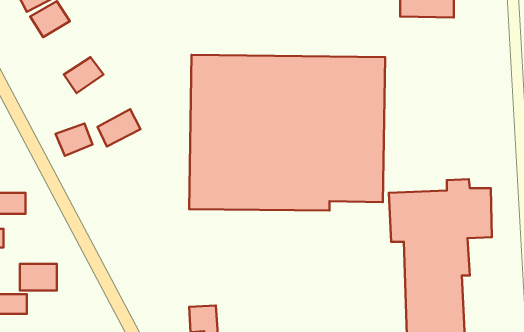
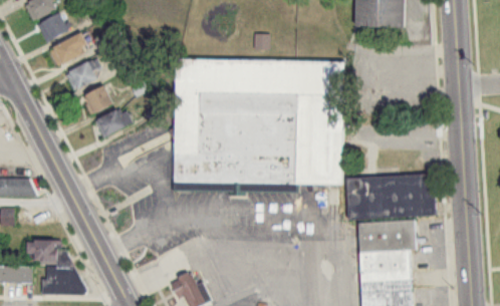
building: none -> [48,32,88,66]
building: [55,123,93,156] -> [80,85,112,113]
building: none -> [42,266,79,293]

